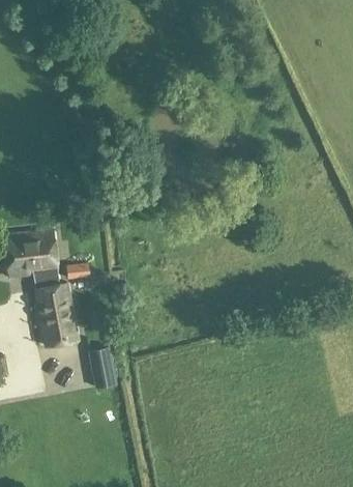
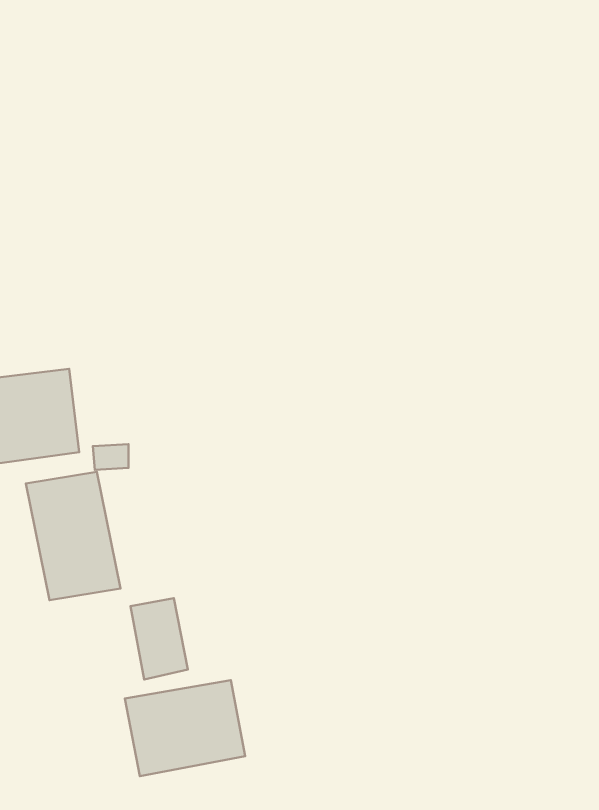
building: none -> [125,680,245,776]

